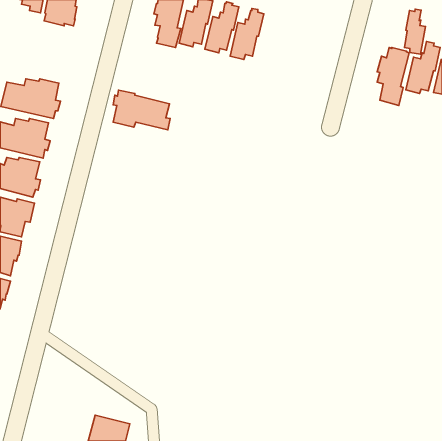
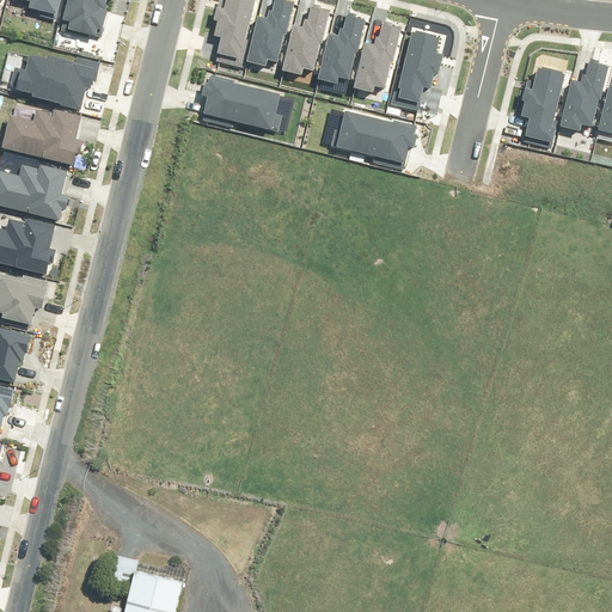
building: [405,9,425,54] -> none
building: none -> [354,20,400,91]
building: none -> [392,29,443,109]
building: none -> [11,53,102,109]
building: none -> [331,110,417,167]
building: [113,90,170,130] -> [203,74,282,129]

